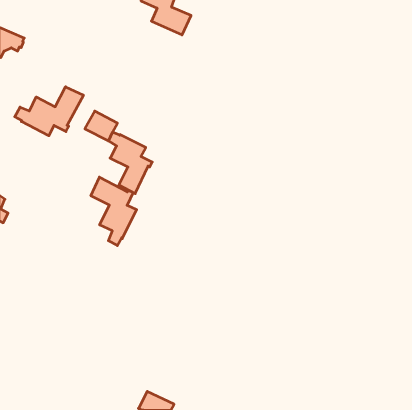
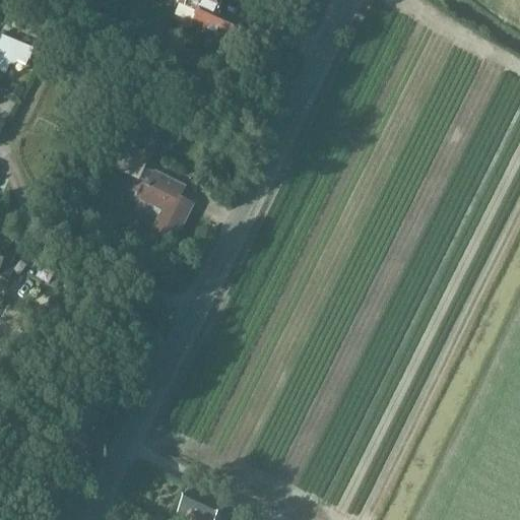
building: [15,87,83,136] -> none
building: [91,177,137,246] -> none

